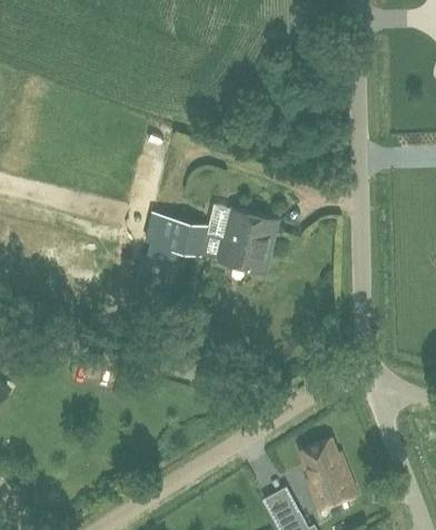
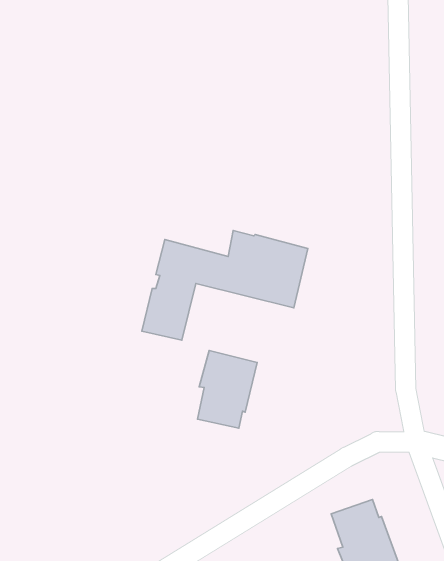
building: none -> [197,351,257,428]

